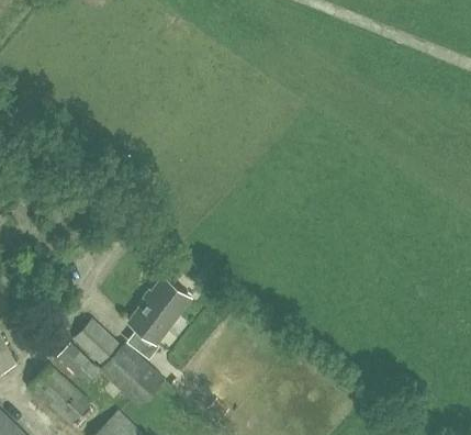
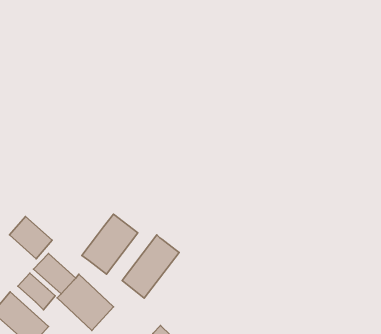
building: none -> [10,216,52,259]
building: none -> [122,235,179,298]

